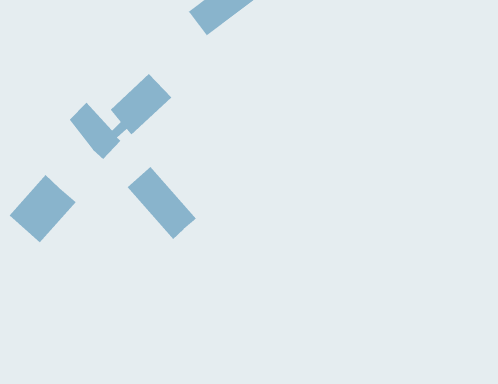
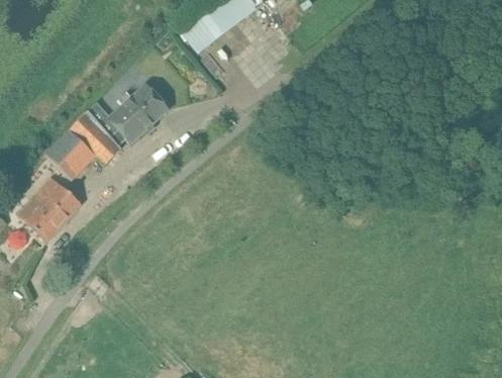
building: none -> [44,127,94,179]
building: [127,166,197,240] -> none

